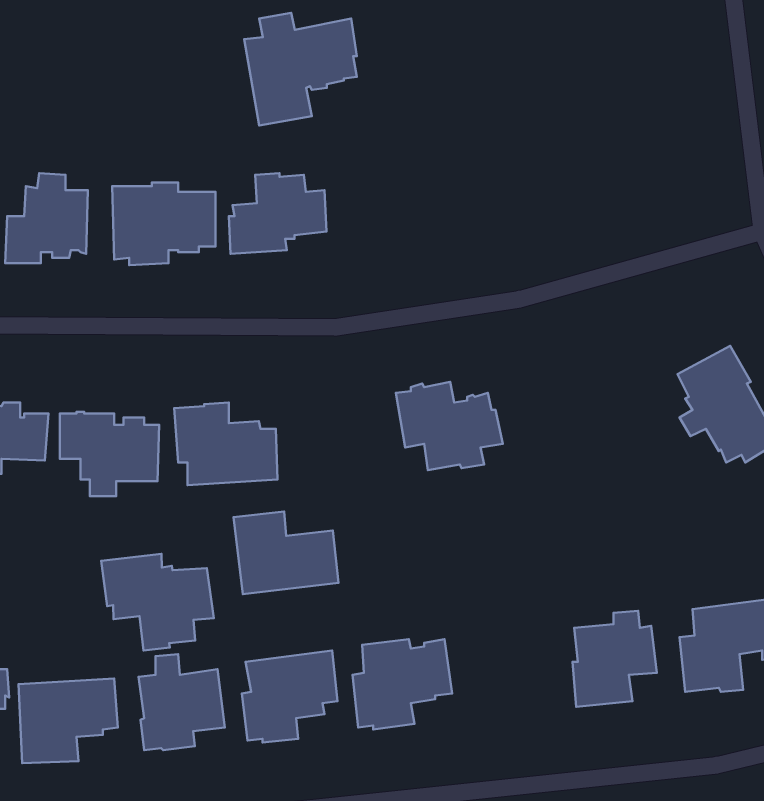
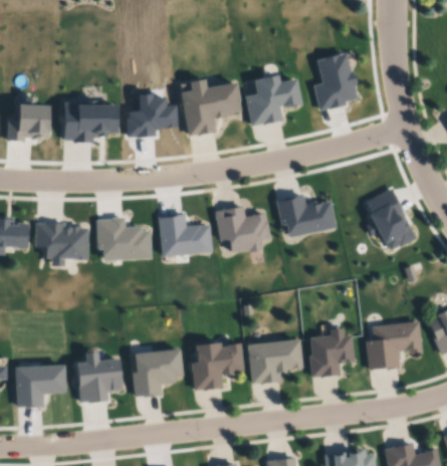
building: [244,13,357,126] -> [181,76,241,137]
building: none -> [314,51,359,110]
building: none -> [246,72,303,125]
building: none -> [276,193,337,236]
building: [233,512,339,594] -> [158,213,214,257]
building: [101,554,214,650] -> none
building: none -> [247,338,303,385]

